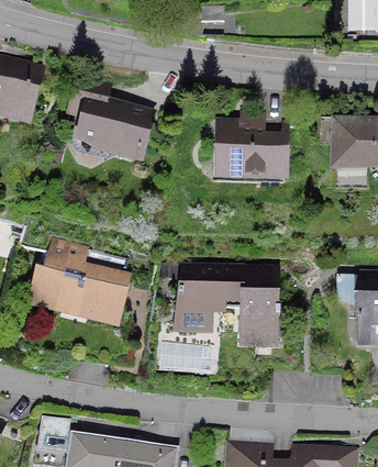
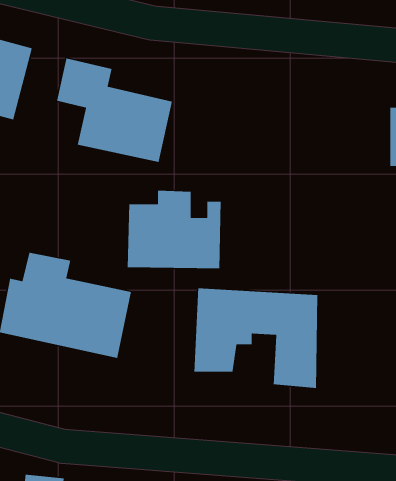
building: [219,116,294,180] -> [127,190,222,269]
building: [153,337,209,367] -> none

